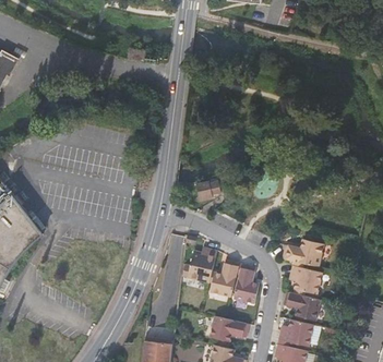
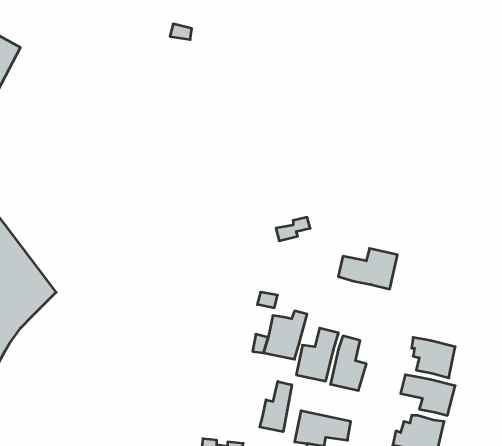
building: [282,238,323,266] -> [338,248,397,289]
building: none -> [260,381,292,432]

